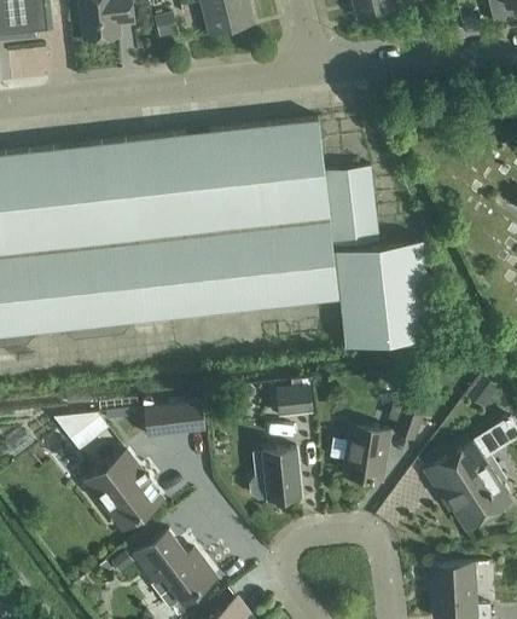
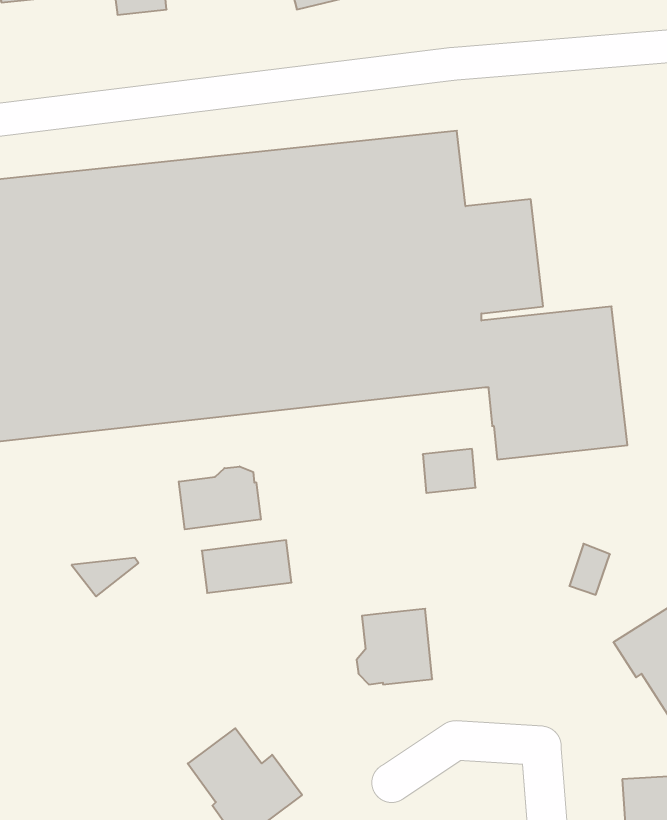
building: none -> [179,466,261,529]
building: [275,387,312,417] -> [423,449,476,493]
building: [343,427,388,482] -> none
building: [85,453,161,523] -> none

